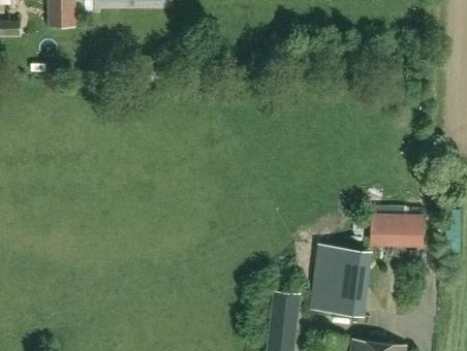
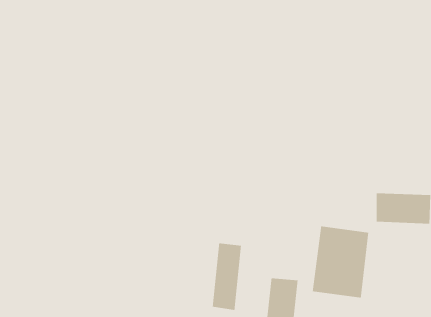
building: none -> [212,243,242,311]

